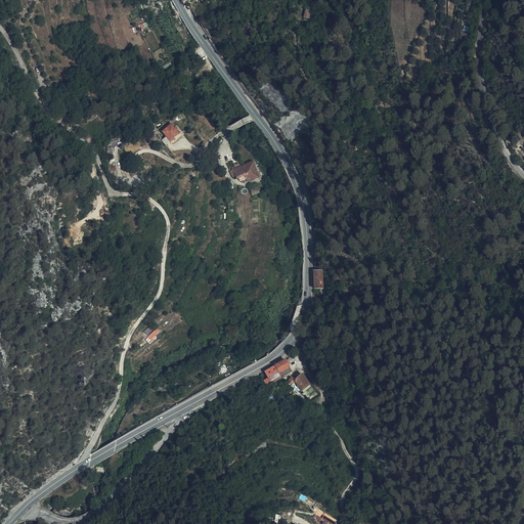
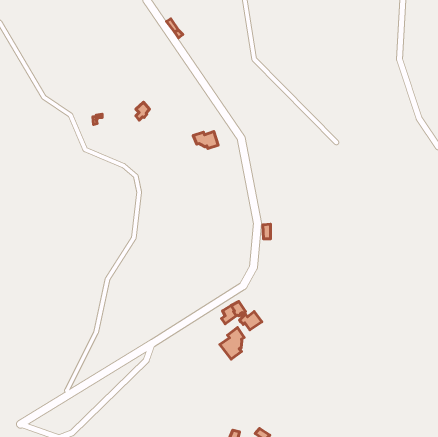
building: none -> [220,327,244,359]

